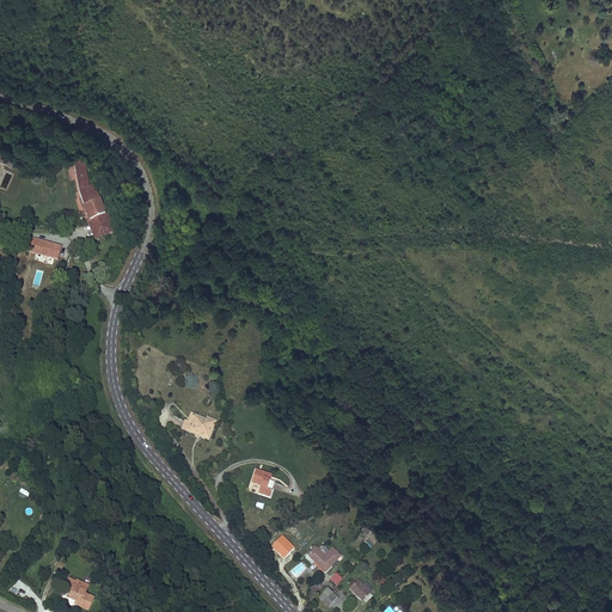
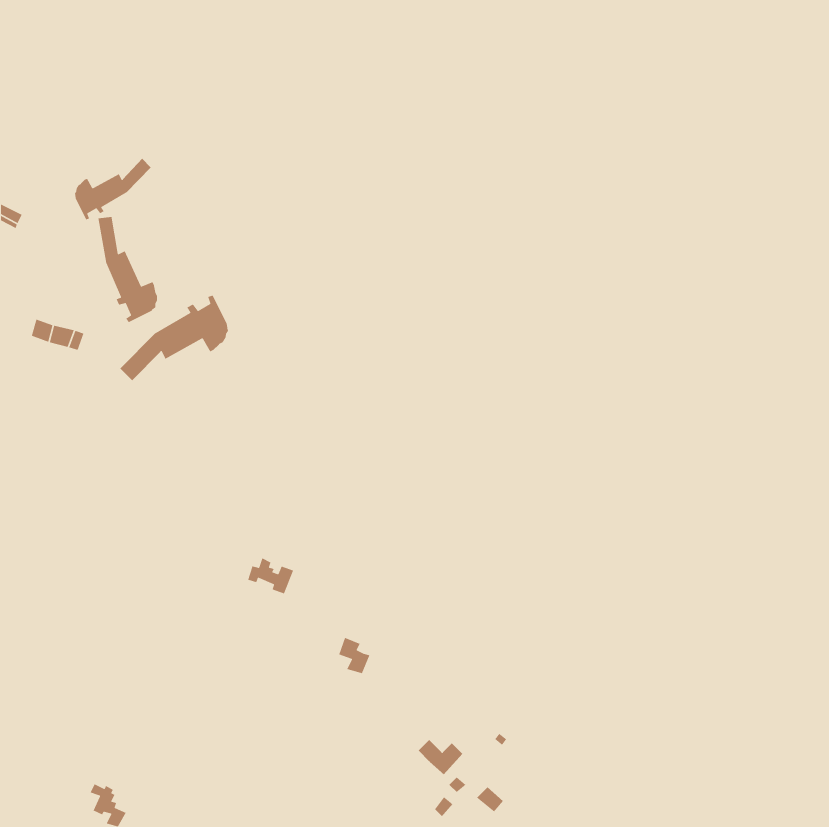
building: none -> [74,158,151,220]
building: none -> [120,295,229,381]

